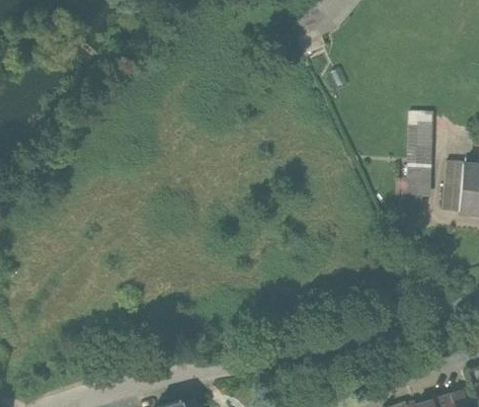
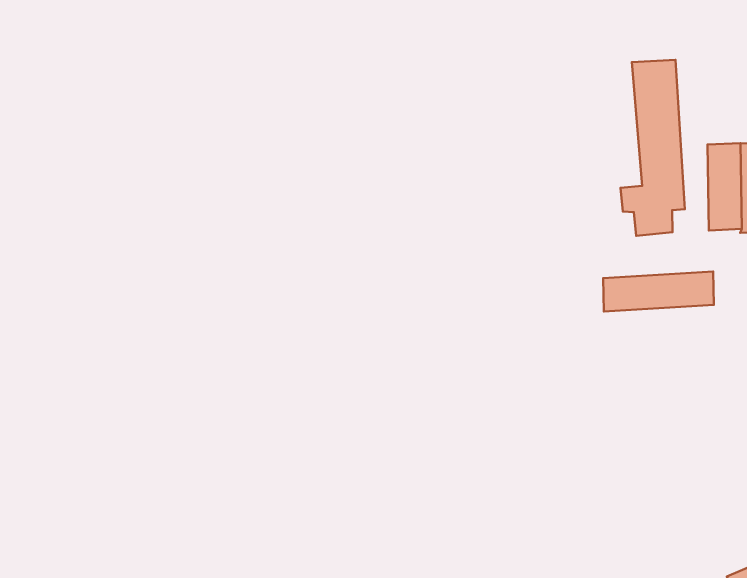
building: none -> [603,271,714,312]

